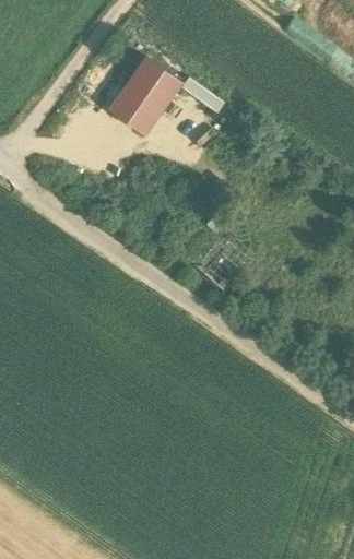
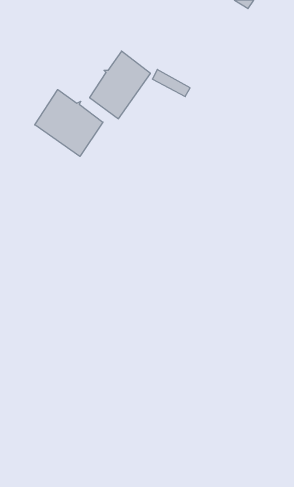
building: none -> [35,90,103,156]

